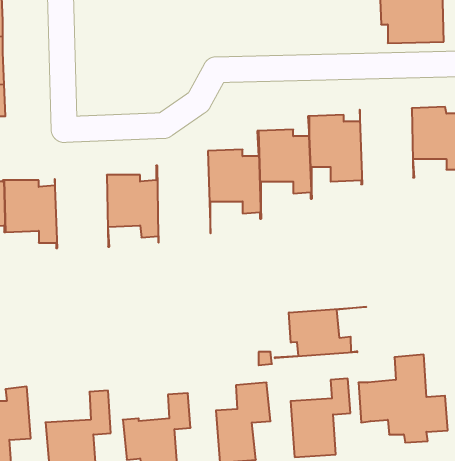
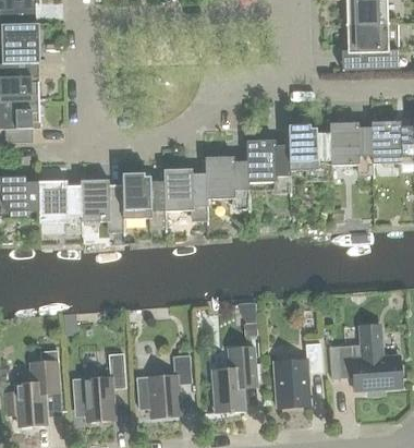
building: none -> [329,121,373,183]
building: none -> [163,156,207,231]
building: none -> [80,175,123,235]
building: [275,307,366,358] -> none

